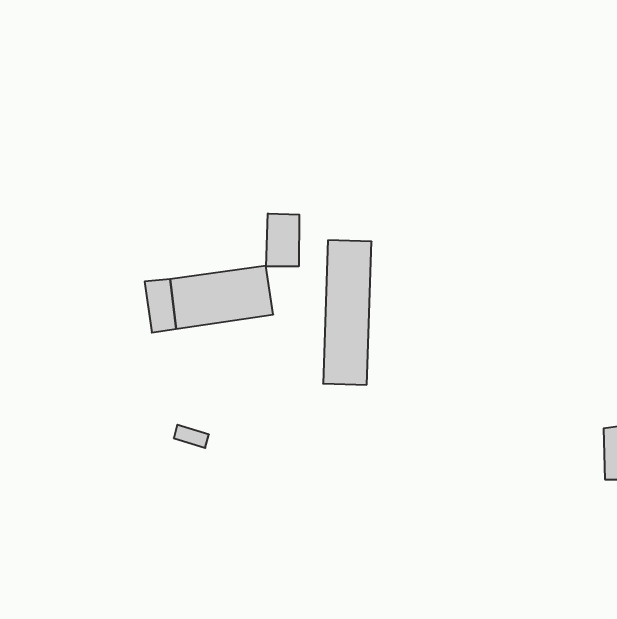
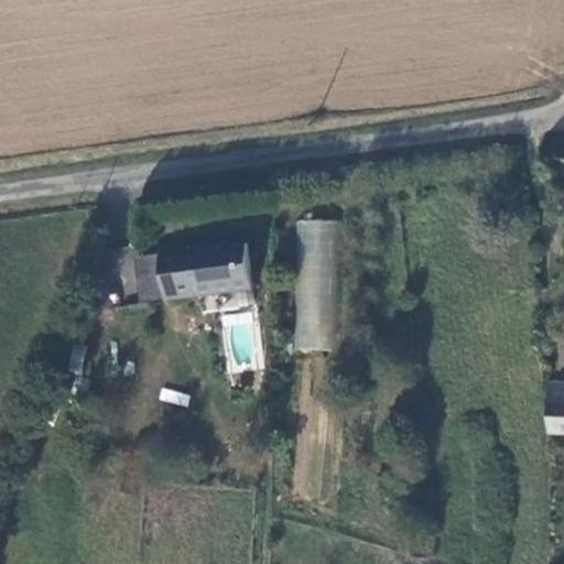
building: [266,213,299,267] -> none

